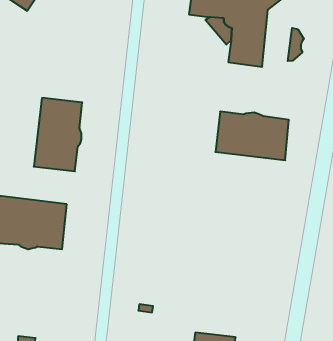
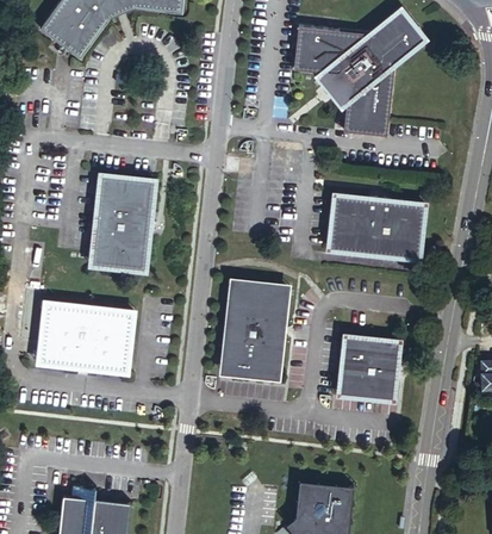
building: [288,28,304,61] -> none
building: none -> [223,280,286,375]
building: none -> [338,335,398,398]

